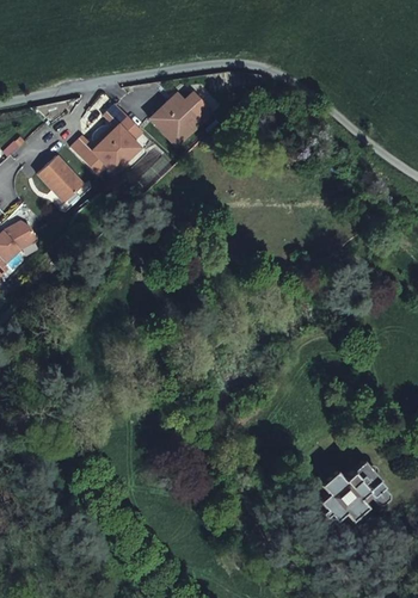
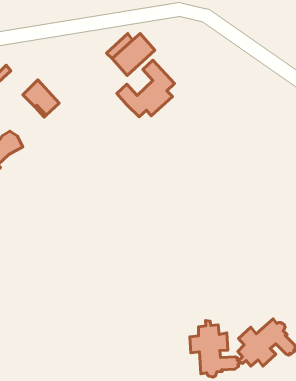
building: [67,100,141,173] -> [117,60,174,117]
building: none -> [190,321,239,377]

